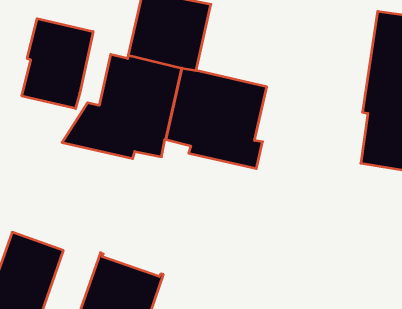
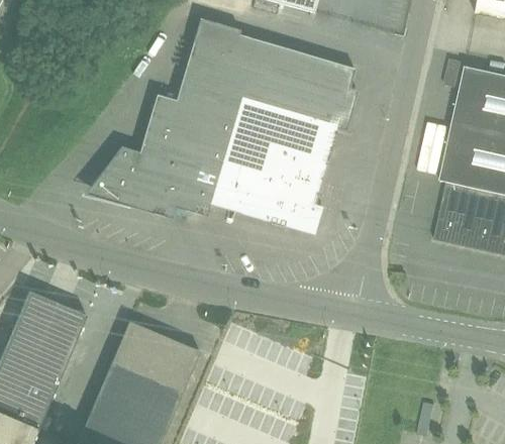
building: none -> [254,44,359,143]
building: [22,19,93,109] -> none

